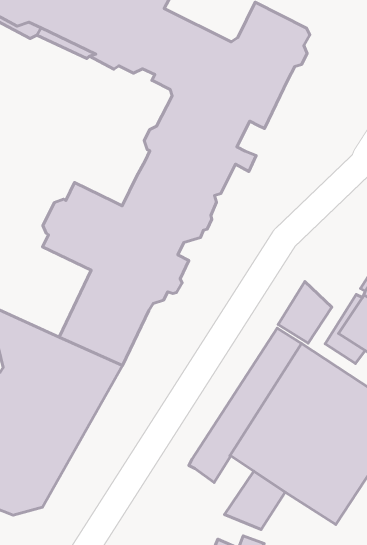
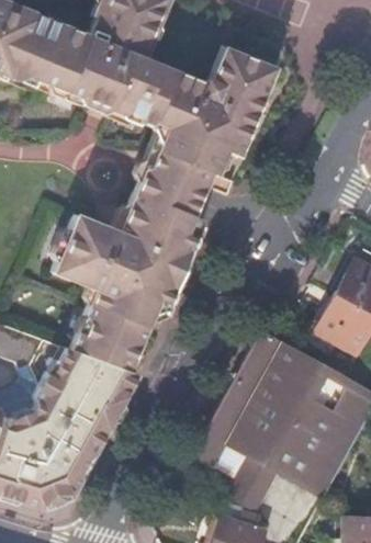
building: [278,281,332,343] -> none

